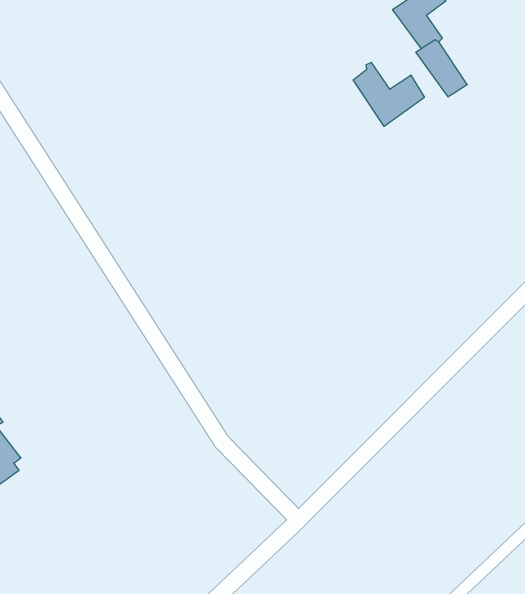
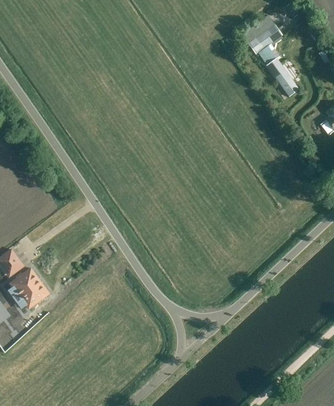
building: [353,62,424,126] -> none

